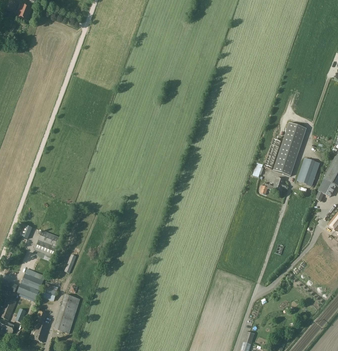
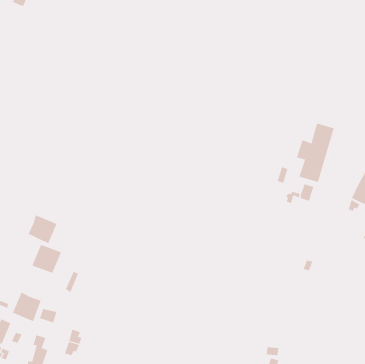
building: [297,157,321,186] -> none
building: none -> [28,214,57,244]

